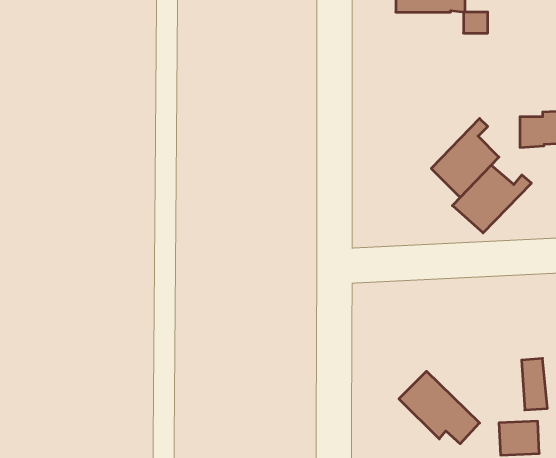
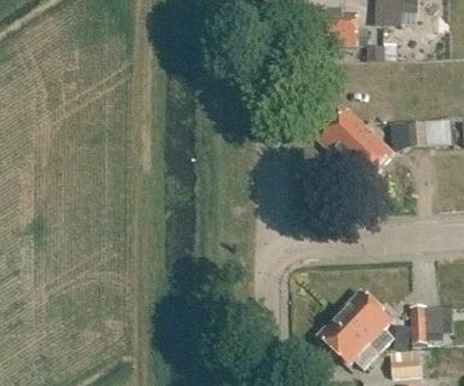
building: [452,165,531,233] -> [319,110,378,161]
building: none -> [338,289,394,352]

